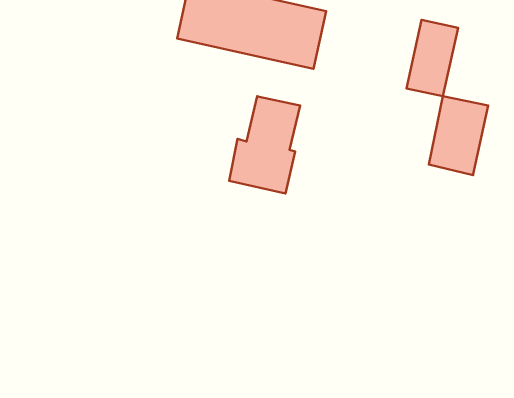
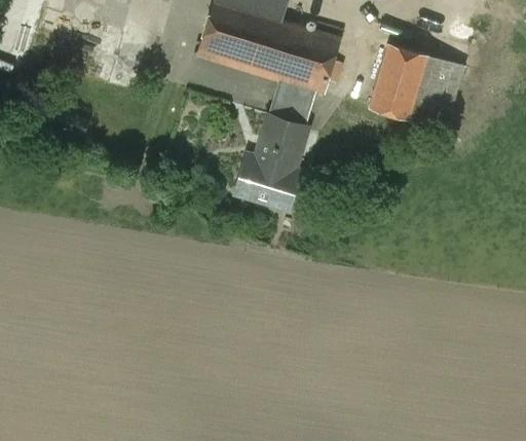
building: none -> [271,77,325,123]
building: [429,96,488,175] -> [370,40,430,117]

